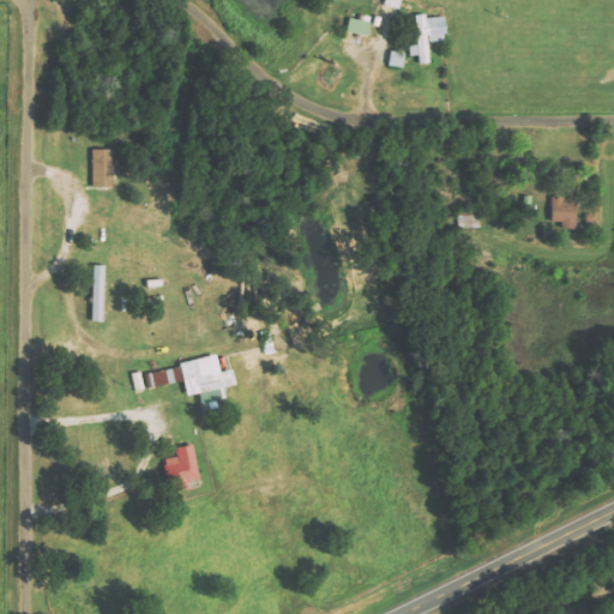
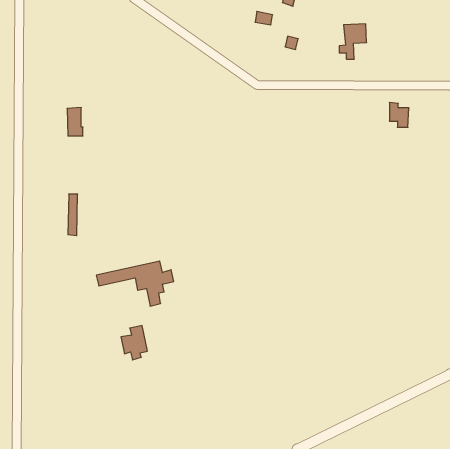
building: [409,14,446,62] -> [339,24,367,59]
building: [550,194,577,228] -> [389,103,409,127]

